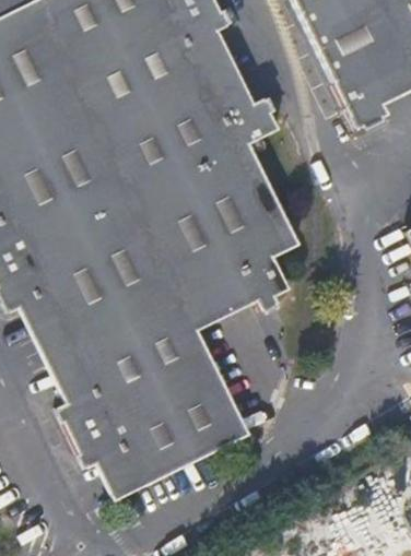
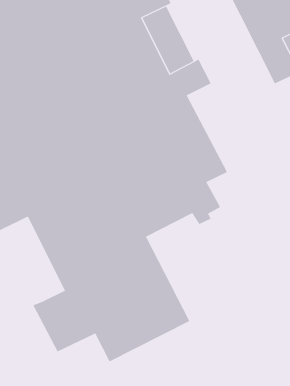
building: [11,298,87,406] -> none
building: [89,448,145,502] -> none

